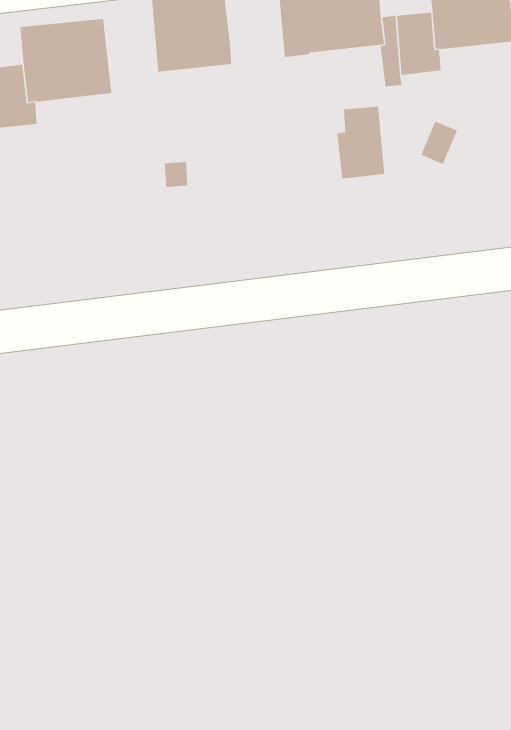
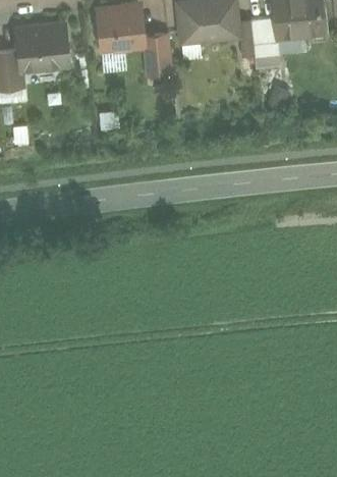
building: [337,106,385,179] -> [142,35,172,81]

